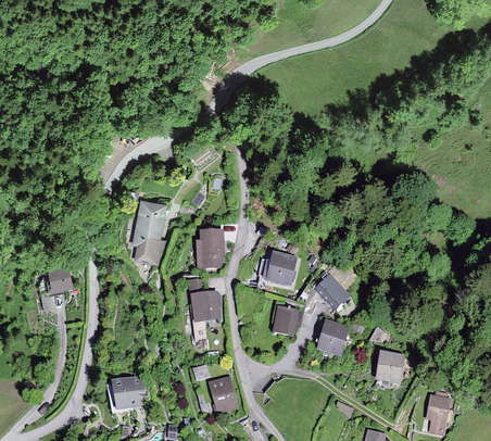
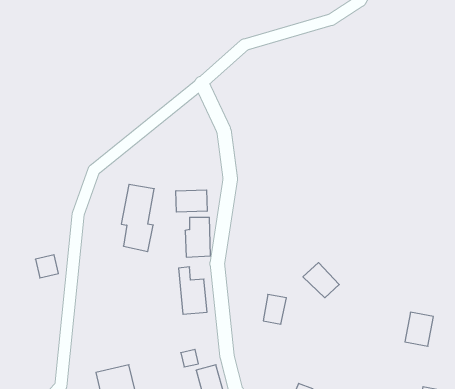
building: none -> [176,190,207,212]
building: [269,254,295,286] -> none
building: [319,323,347,356] -> none
building: [376,352,404,386] -> [405,312,433,346]

